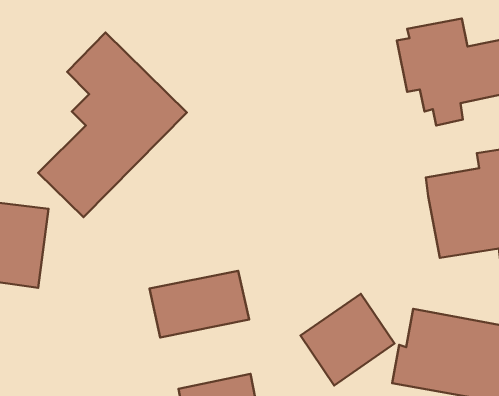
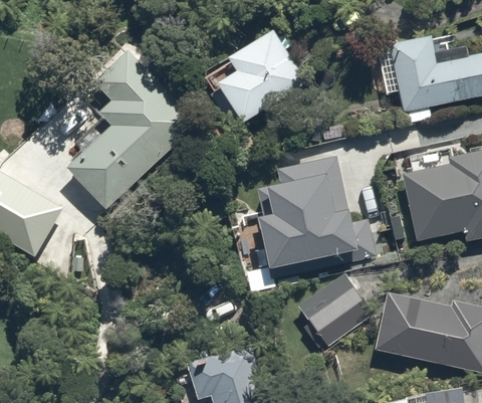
building: none -> [218,28,304,122]
building: none -> [257,157,376,282]
building: [150,271,249,337] -> none

